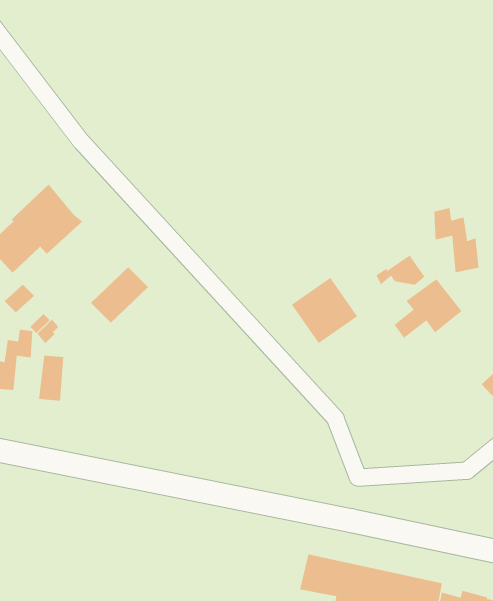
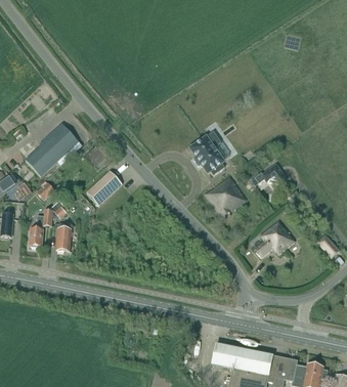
building: none -> [190,132,224,175]
building: [434,207,479,273] -> none
building: [393,278,463,339] -> [254,222,295,258]

